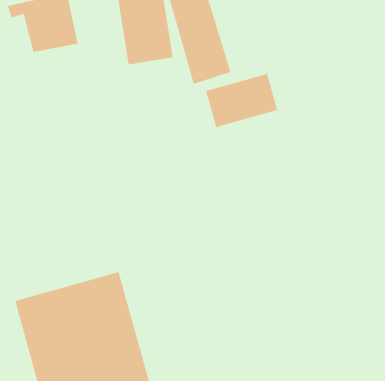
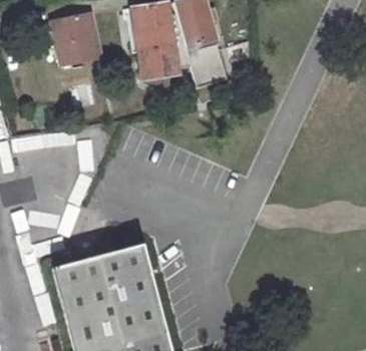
building: [206,73,278,128] -> none

